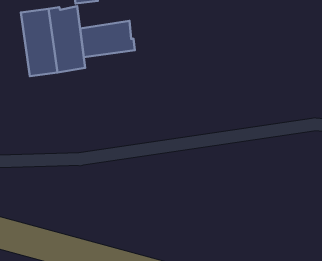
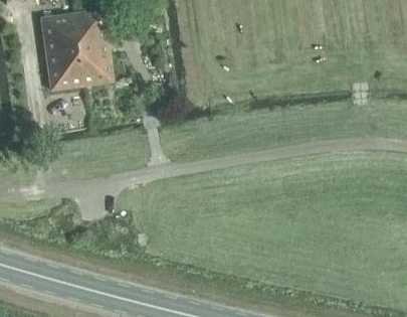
building: [80,21,135,57] -> none

